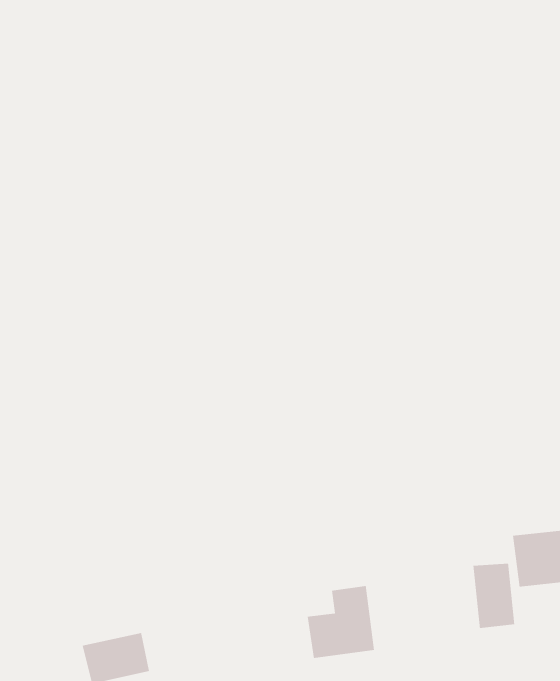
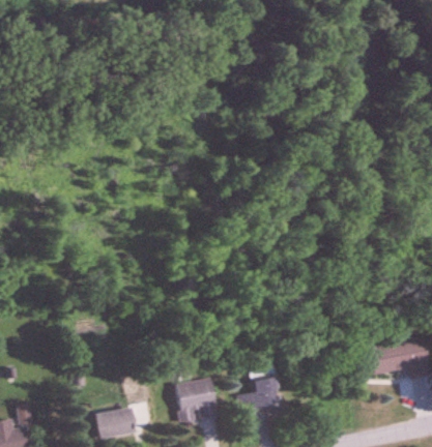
building: [473,563,515,629] -> none
building: none -> [174,379,217,423]

